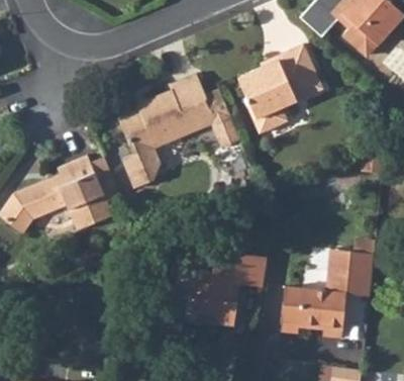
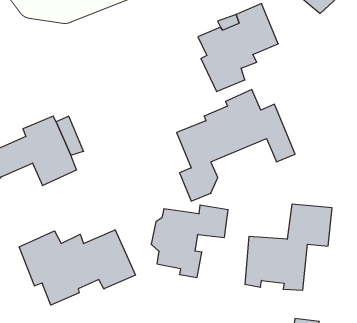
building: [119,75,241,190] -> [177,90,295,201]
building: none -> [19,230,136,305]

